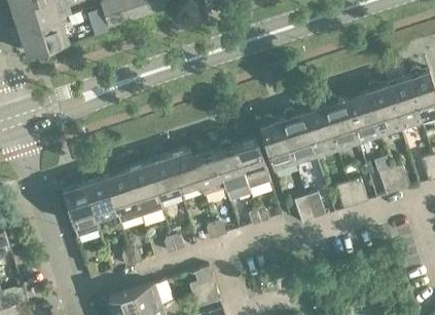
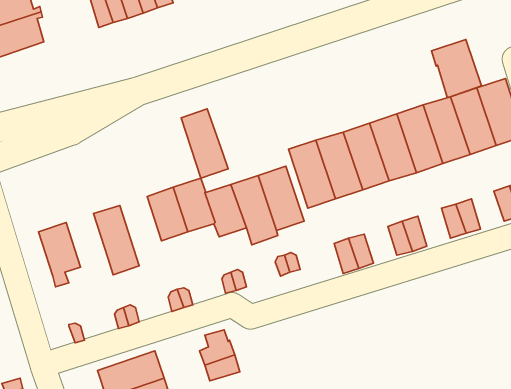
building: none -> [432,39,481,97]
building: [125,163,162,218] -> [181,109,228,178]
building: [83,176,116,219] -> none

